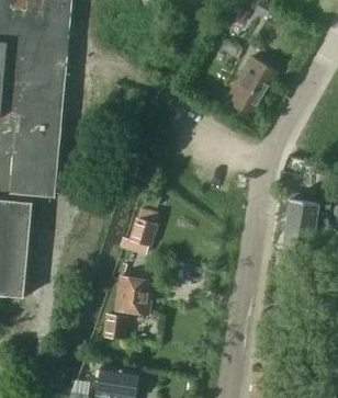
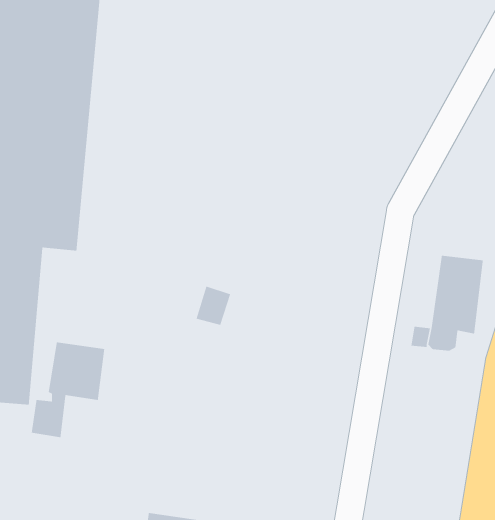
building: [226,56,278,114] -> none
building: [104,275,153,338] -> [31,342,105,438]

